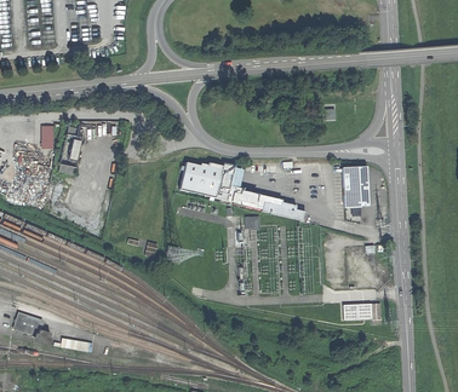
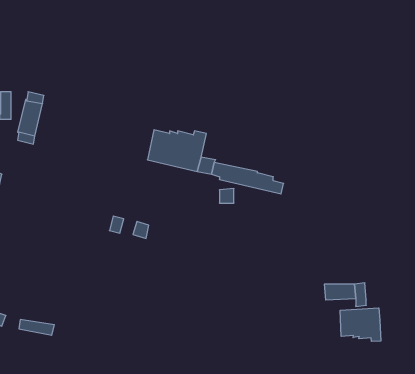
building: [343,166,368,213] -> none
building: none -> [340,308,381,341]

